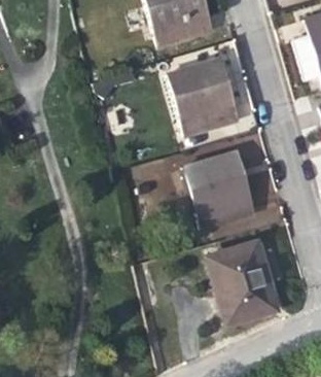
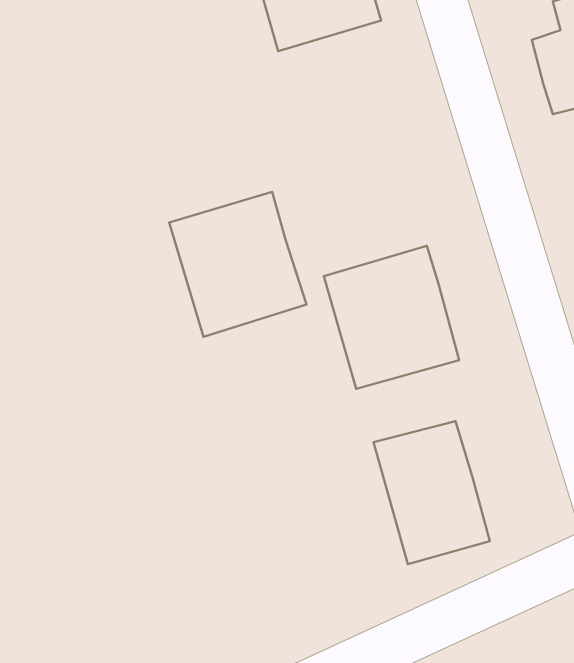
building: [167,58,241,136] -> [169,192,307,337]

